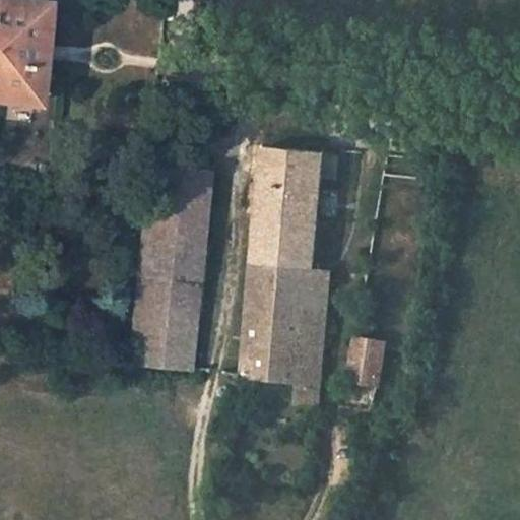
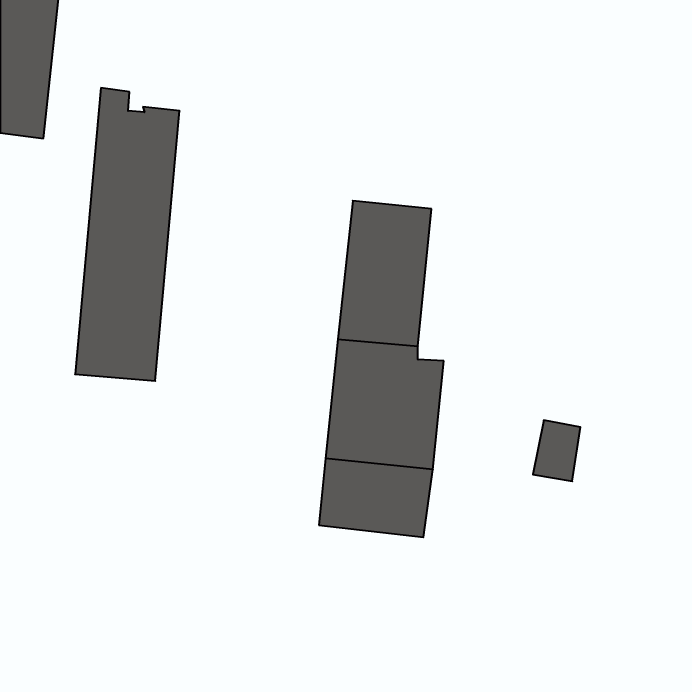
building: [129,148,207,368] -> [75,88,180,381]
building: [349,337,385,383] -> [533,420,580,481]

